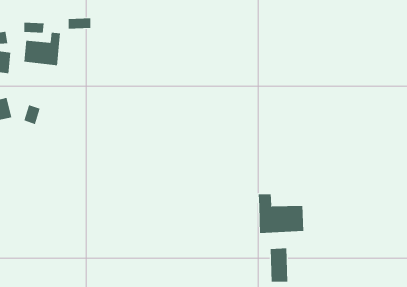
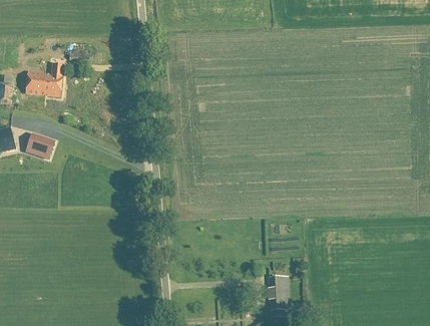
building: [258,193,304,234] -> none

